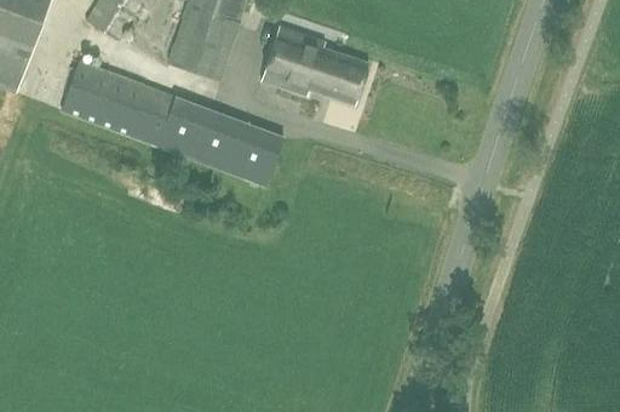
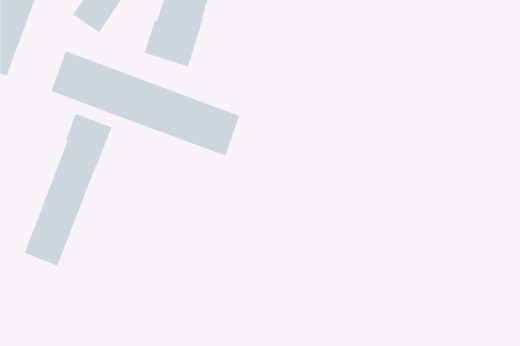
building: [260,27,368,104] -> none
building: none -> [24,113,112,266]

